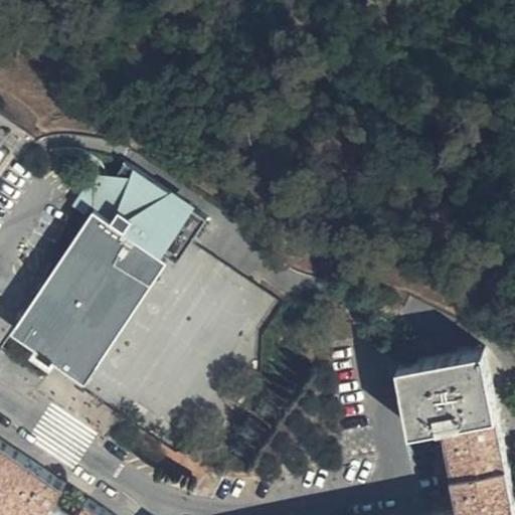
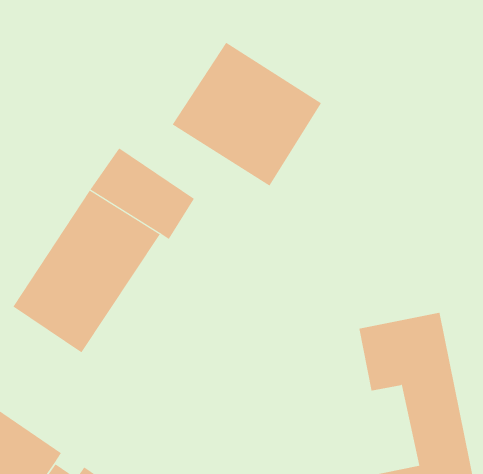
building: none -> [172,42,322,186]

